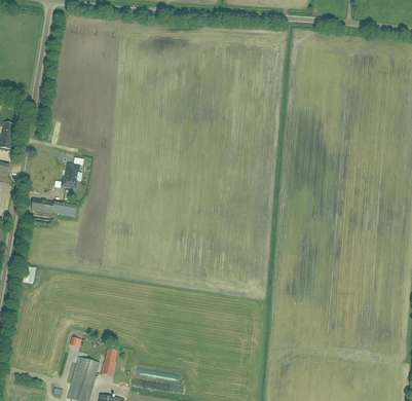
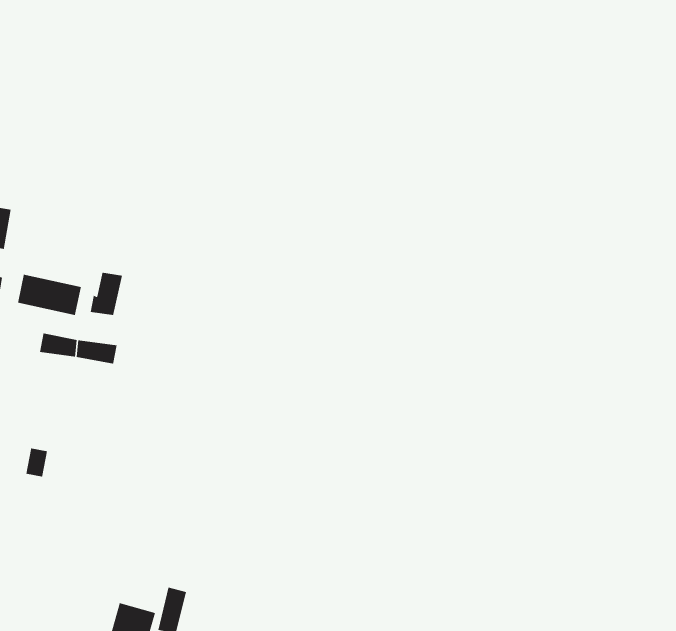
building: none -> [17,274,82,316]

